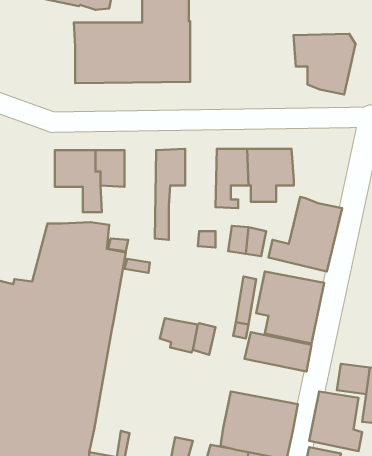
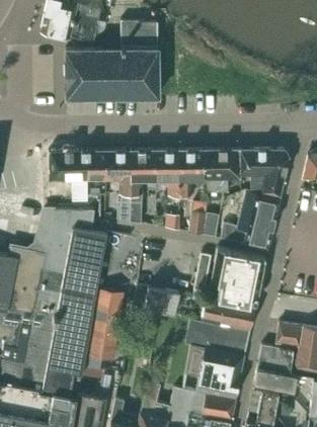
building: [293,34,355,94] -> [240,150,290,198]
building: none -> [155,151,180,197]
building: none -> [106,152,132,223]
building: none -> [85,290,123,370]
building: none -> [185,322,251,356]

